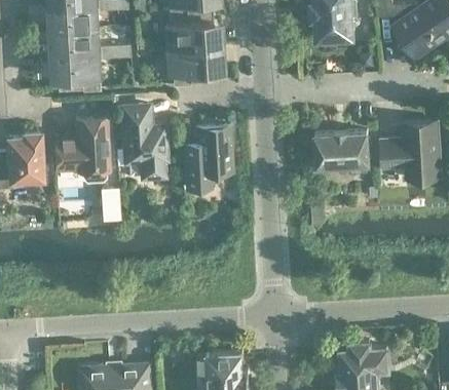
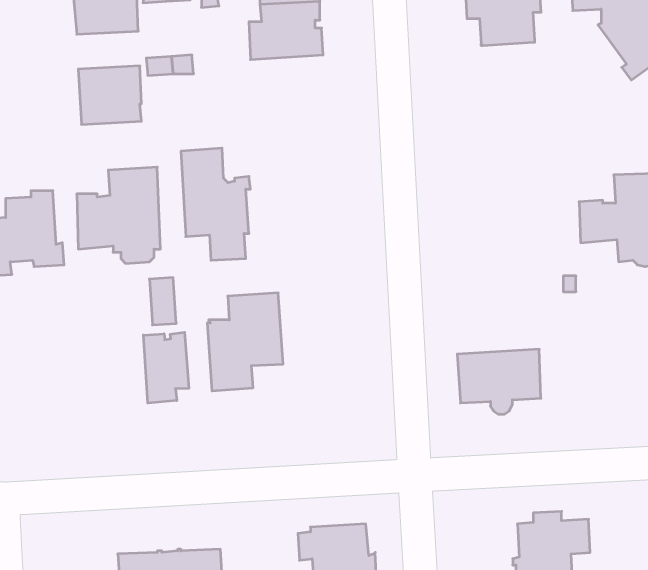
building: [54,31,96,55] -> none
building: [167,46,217,85] -> none
building: [183,127,232,191] -> [207,293,283,391]
building: [314,132,369,174] -> [457,349,541,414]
building: none -> [143,332,189,403]

